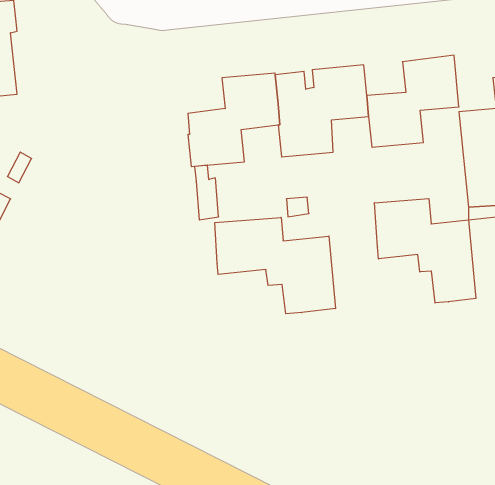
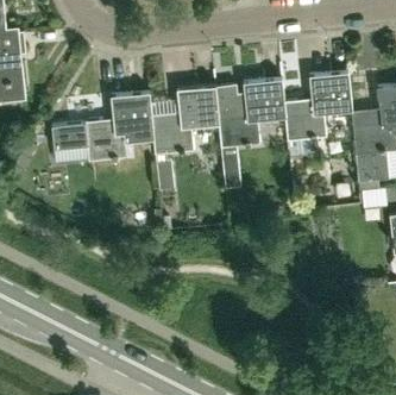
building: none -> [51,90,152,159]
building: [374,199,476,303] -> none
building: [215,217,335,314] -> none

